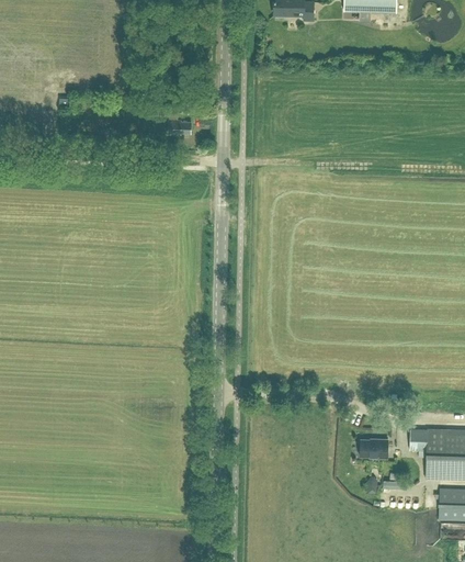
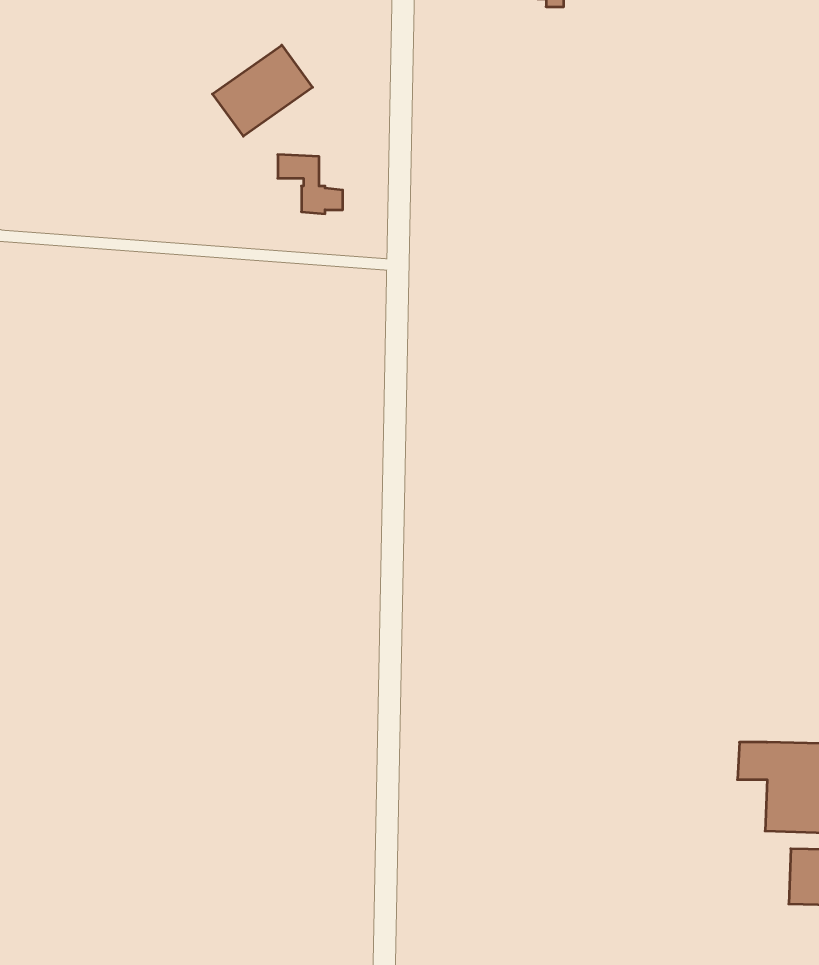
building: none -> [212,45,313,136]
building: [360,438,388,458] -> none

